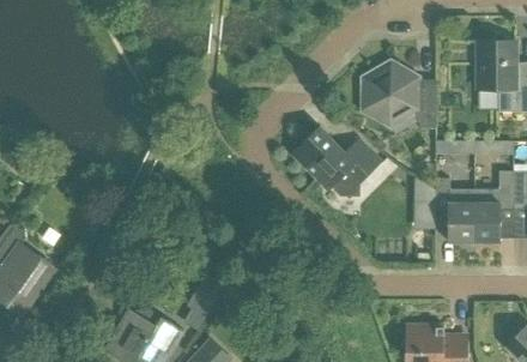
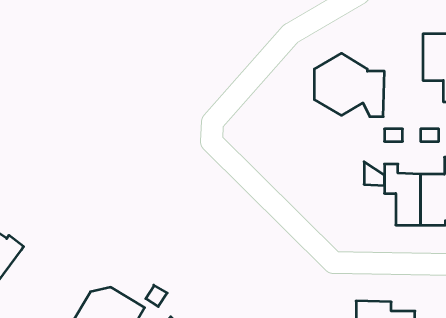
building: [291,127,382,197] -> none

